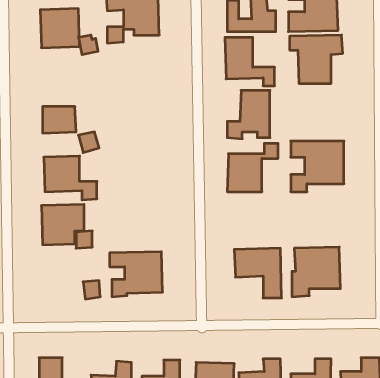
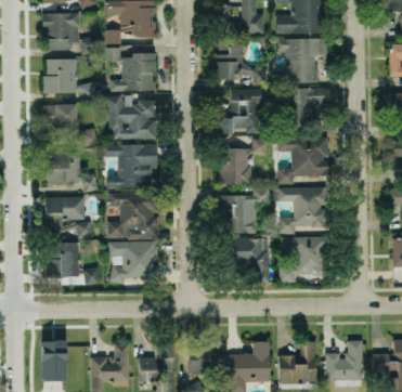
building: none -> [106,47,155,91]
building: none -> [44,58,95,94]
building: none -> [284,88,328,123]
building: none -> [108,95,156,140]
building: none -> [107,143,157,187]
building: none -> [274,187,328,234]
building: none -> [223,188,269,233]
building: none -> [108,192,158,238]
building: none -> [46,243,79,276]

